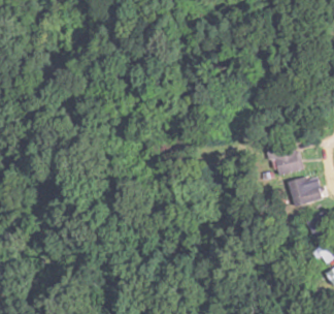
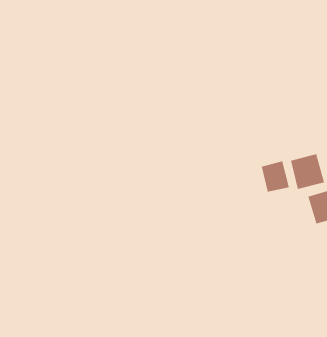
building: none -> [261,161,290,192]

